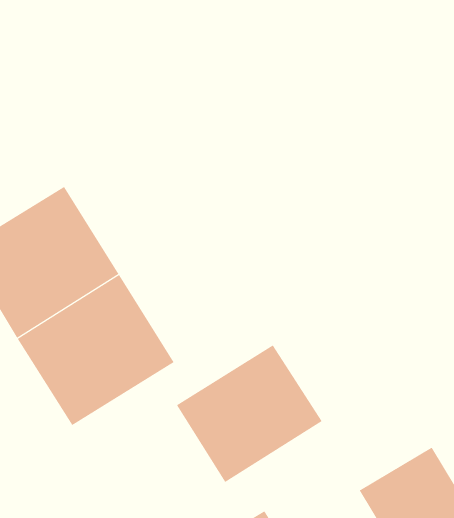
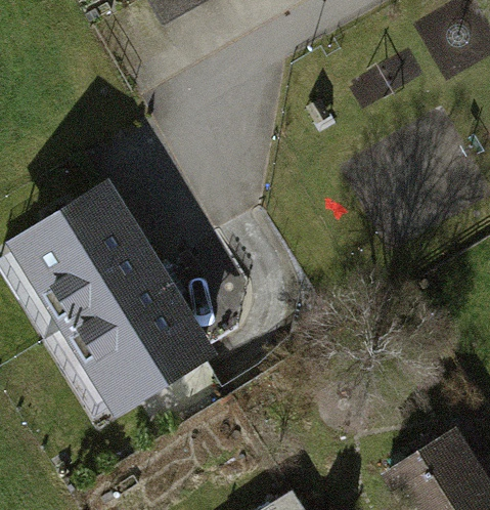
building: [176,344,322,483] -> none

